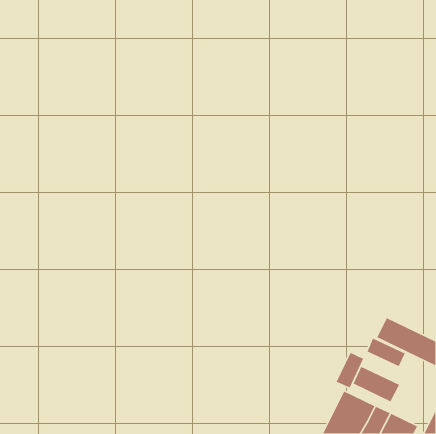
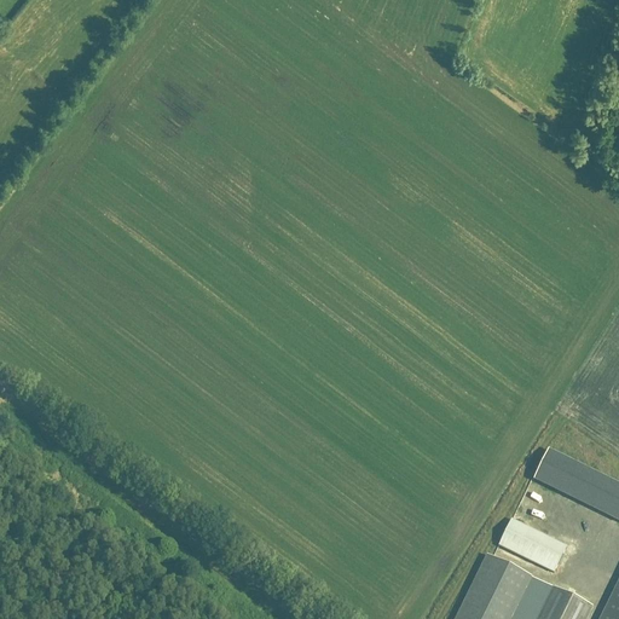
building: [366,337,406,367] -> none
building: [335,352,364,388] -> none

